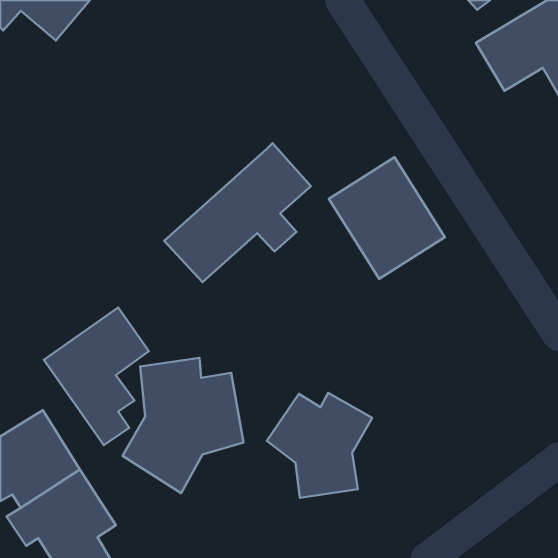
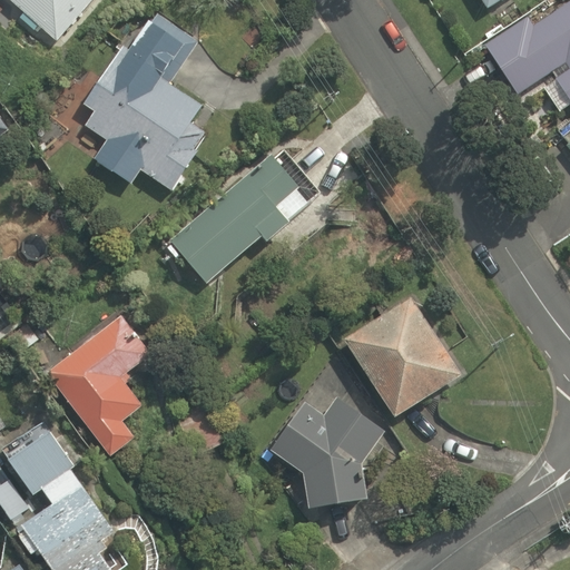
building: none -> [82,10,206,189]
building: [329,157,445,279] -> [341,293,459,416]
building: [122,358,244,493] -> none

